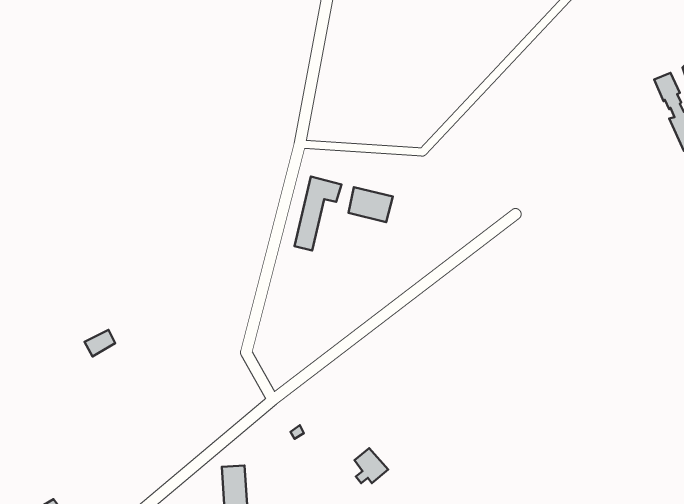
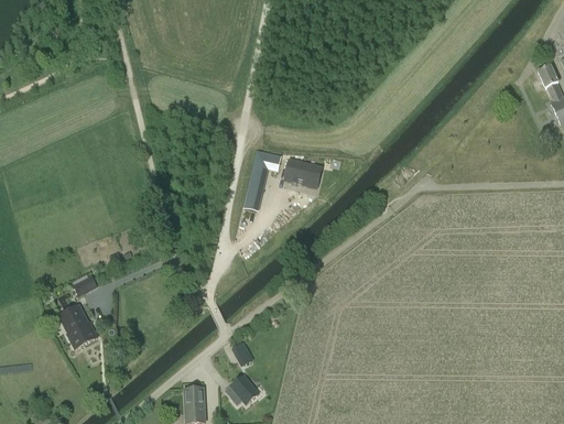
building: none -> [58,303,97,347]
building: [354,448,388,483] -> [231,374,259,403]

